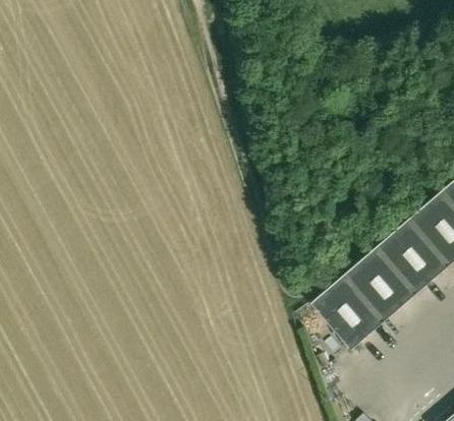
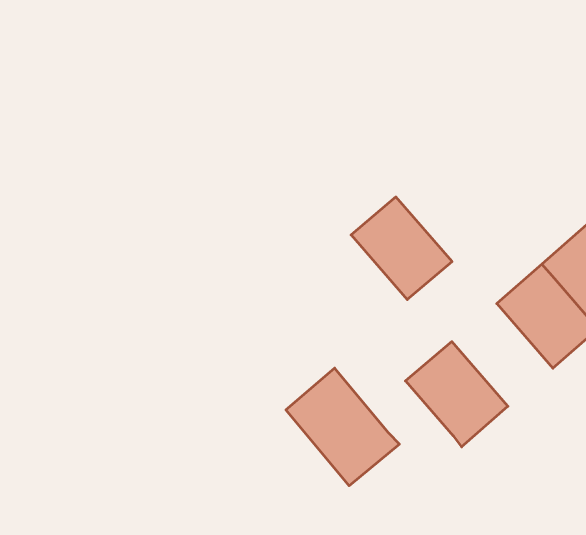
building: [343,247,416,321] -> [351,197,452,300]
building: none -> [286,368,399,486]

